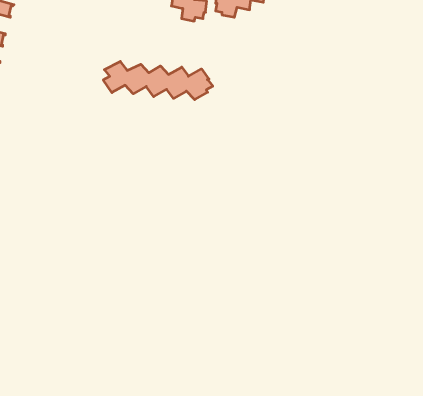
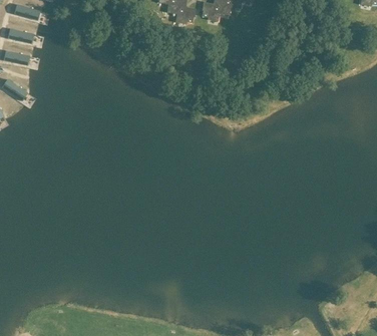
building: [103,61,213,100] -> none

